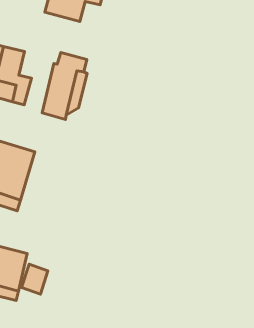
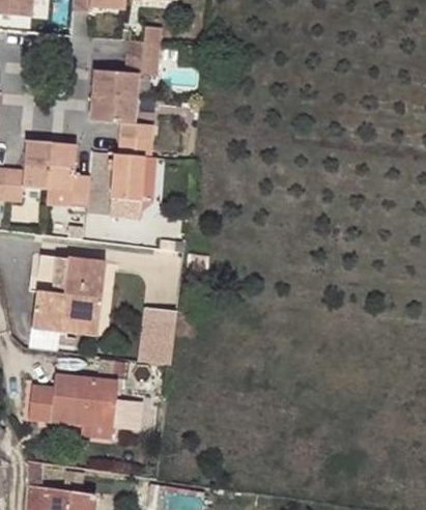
building: none -> [89,93,151,141]
building: none -> [141,304,179,362]

